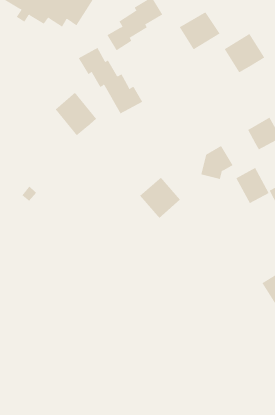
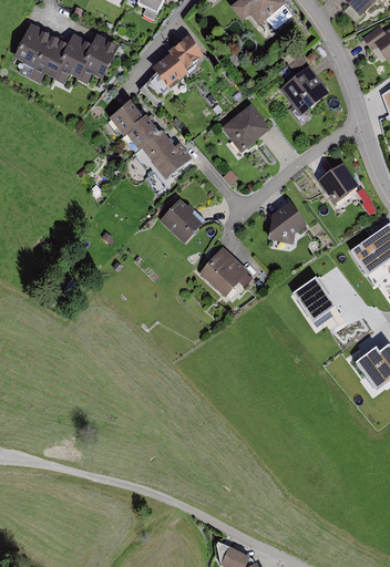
building: [179,11,220,50] -> [220,104,270,152]
building: [55,92,97,136] -> none
building: none -> [160,198,205,243]
building: [235,167,269,204] -> [292,275,335,319]

